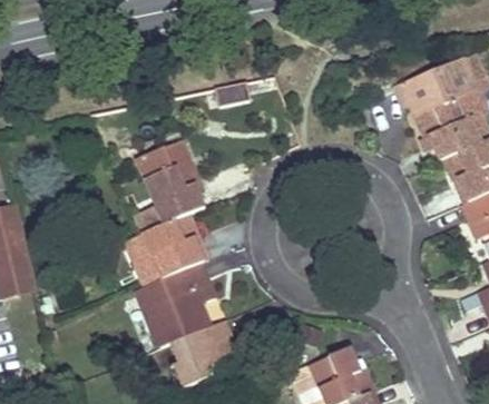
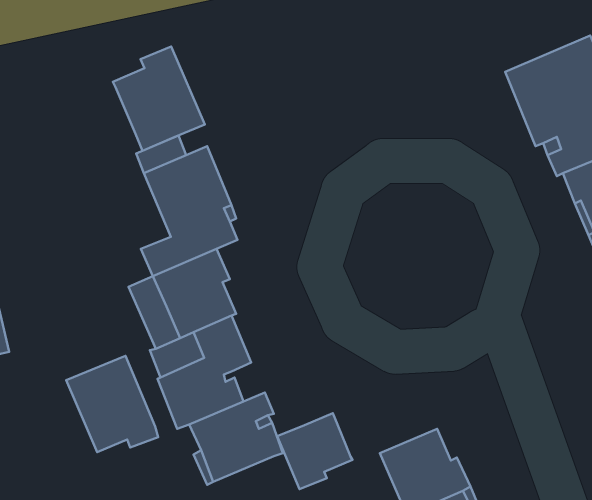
building: none -> [113,47,205,151]
building: none -> [66,356,158,452]
building: none -> [277,413,352,489]

